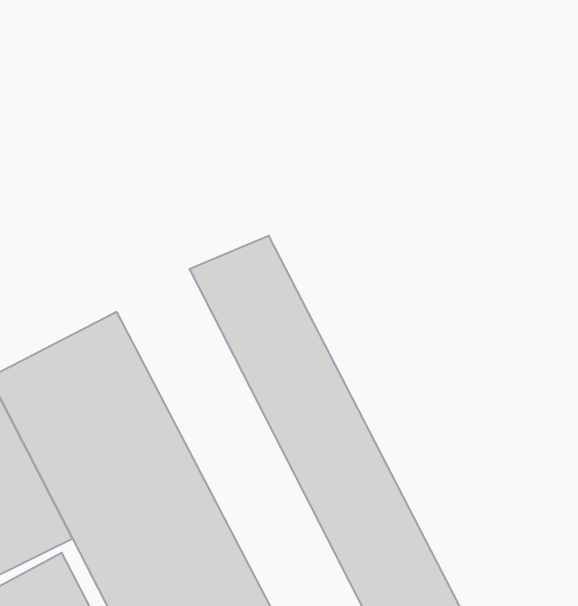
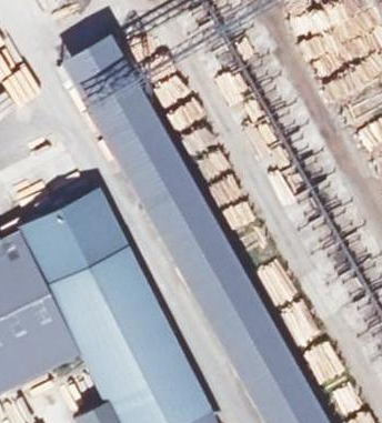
building: none -> [74,27,185,172]

